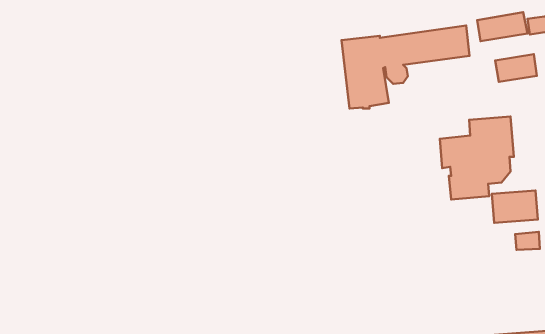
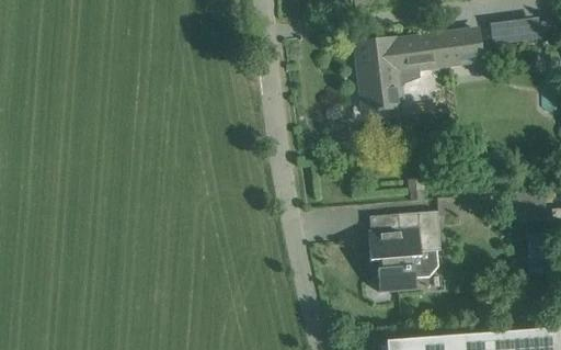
building: [495,54,537,82] -> none
building: [440,117,514,199] -> [368,211,440,292]

